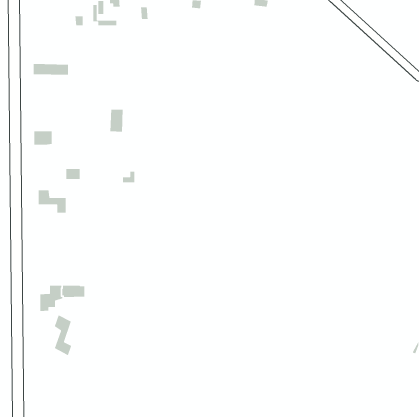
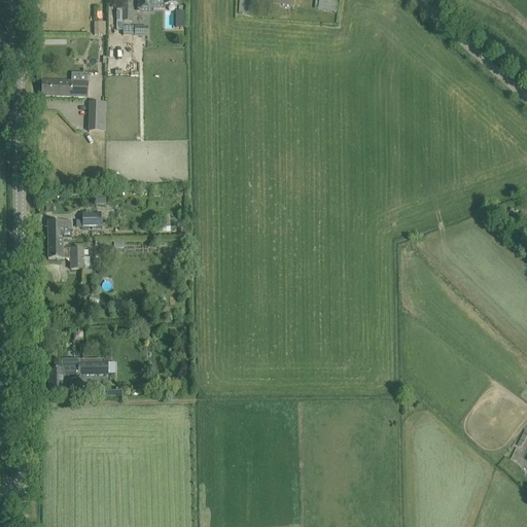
building: [110,109,124,133] -> [89,101,106,131]
building: [34,131,52,145] -> [47,219,71,238]
building: [54,314,72,356] -> none

